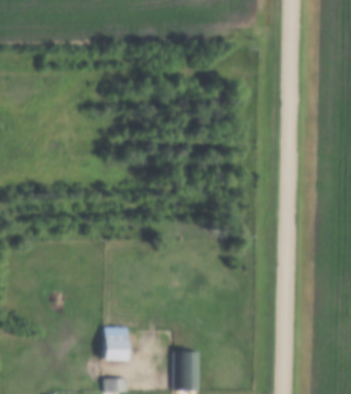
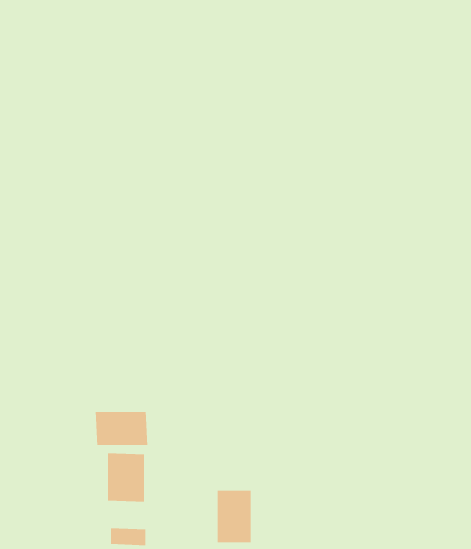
building: none -> [95,411,148,446]

